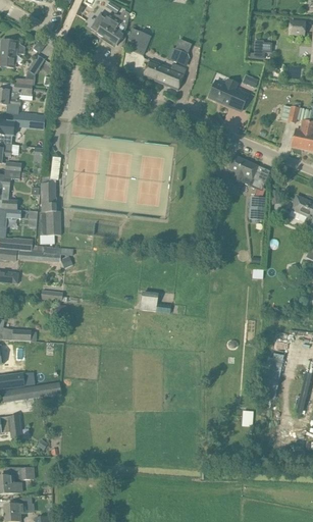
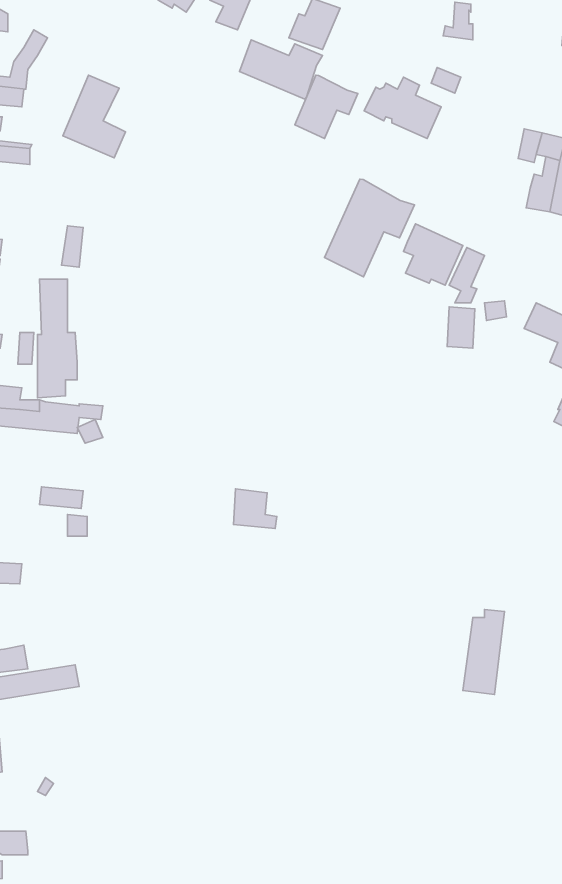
building: none -> [63,75,126,158]
building: none -> [295,75,358,139]
building: none -> [325,179,414,277]

